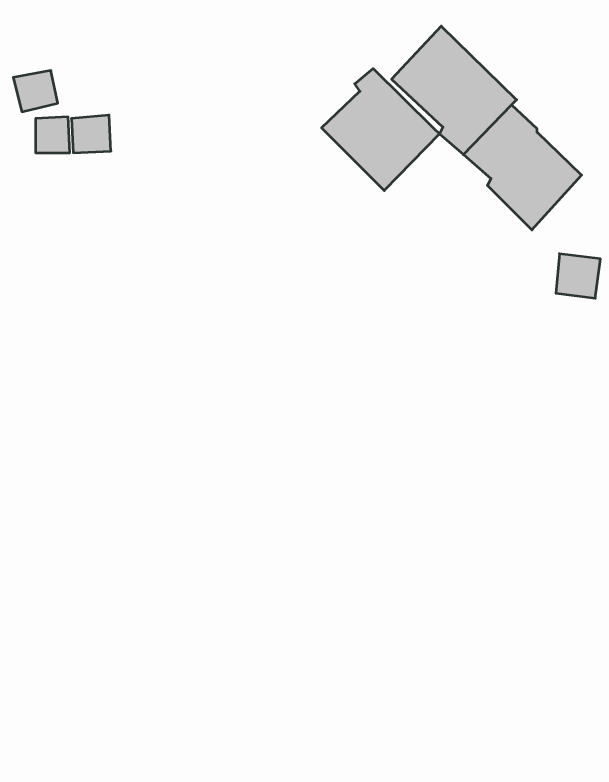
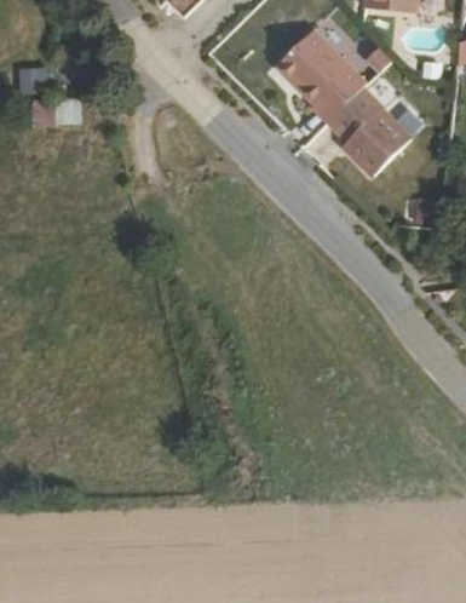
building: [322,69,440,191] -> none

